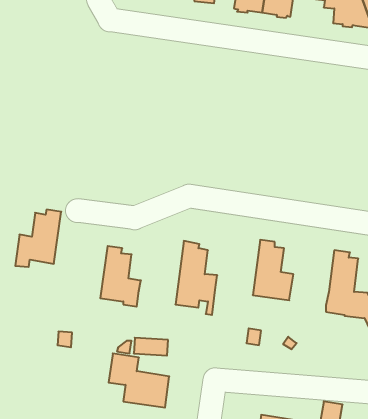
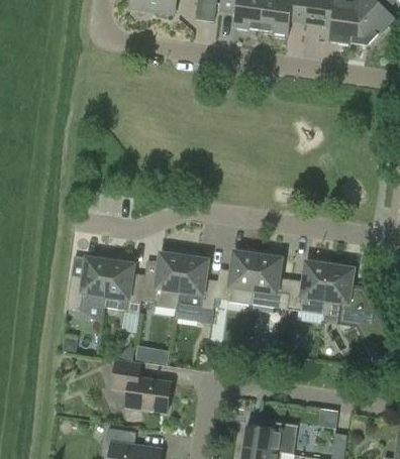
building: [15,210,61,267] -> [66,255,110,311]
building: none -> [214,249,258,305]
building: none -> [140,250,184,317]
building: none -> [286,259,329,315]

